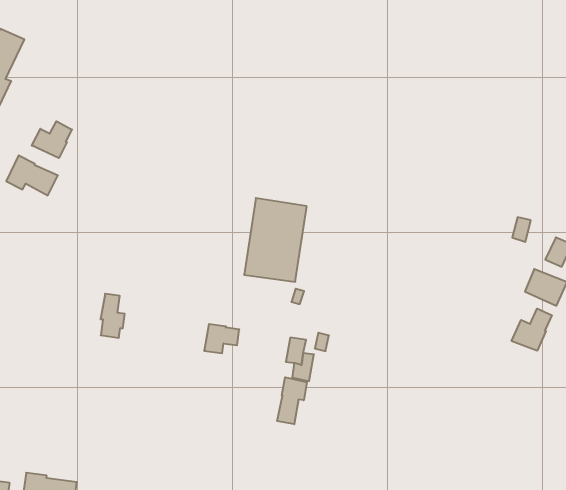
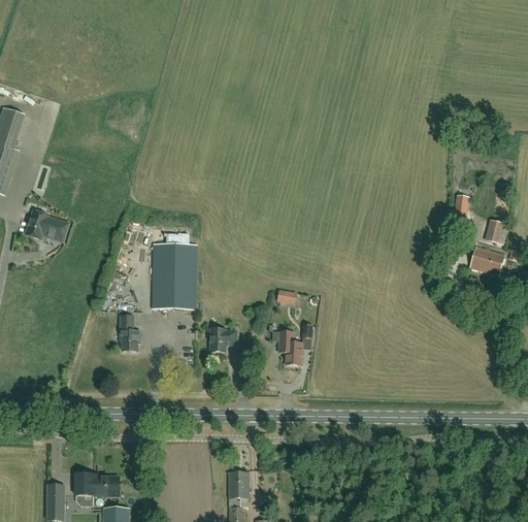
building: [32,121,72,158] -> none
building: [244,198,307,282] -> [152,243,196,308]
building: [512,309,552,351] -> none
building: [277,377,307,424] -> none

